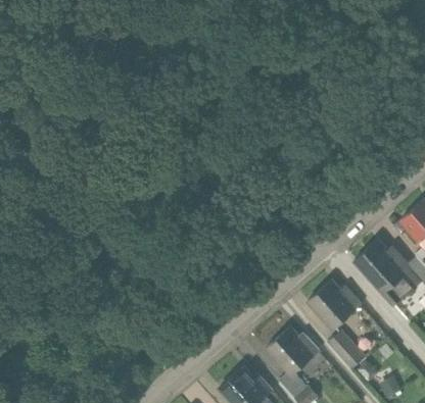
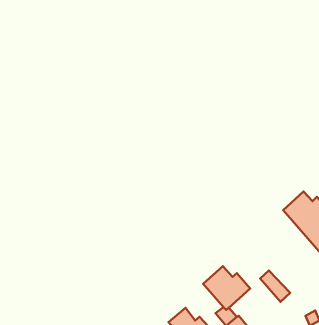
building: [308,280,362,330] -> none

